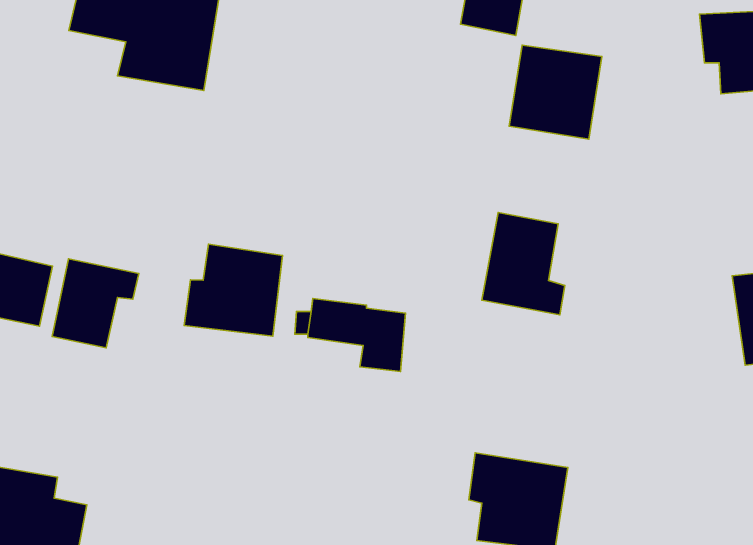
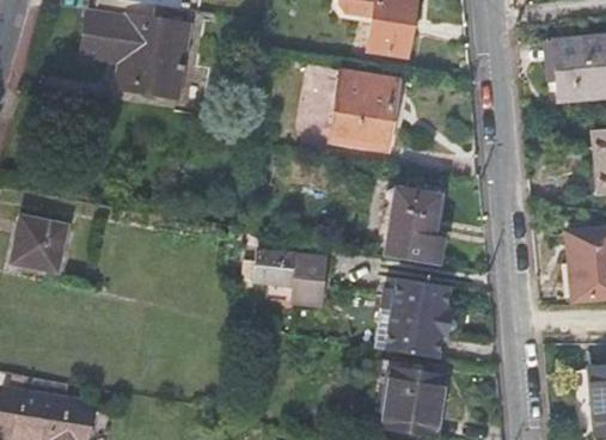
building: [509,45,602,139] -> [330,75,398,145]
building: [184,244,283,336] -> none
building: [52,259,139,348] -> none
building: none -> [379,275,451,356]

